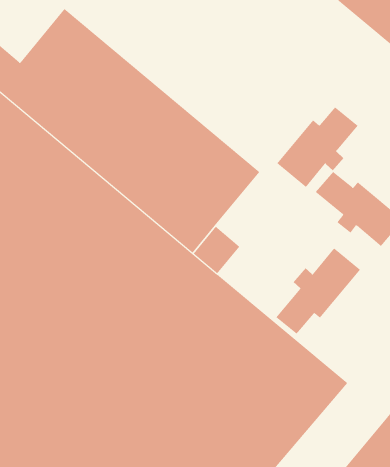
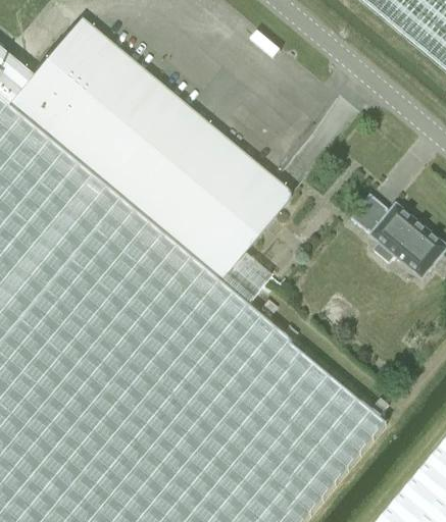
building: [276,106,359,188] -> none
building: [275,248,361,334] -> none

